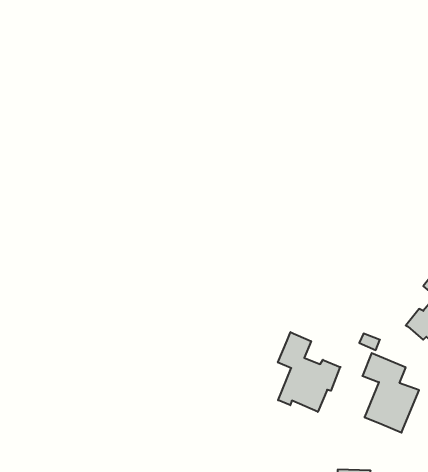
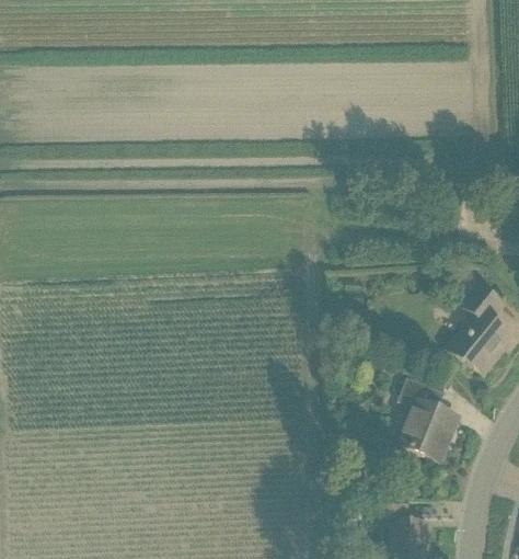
building: [278,332,341,412] -> none

